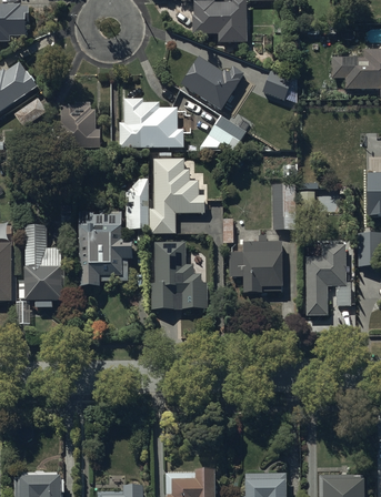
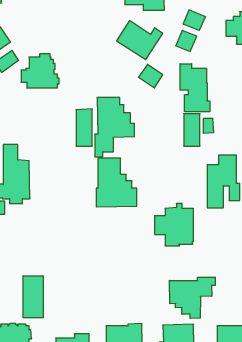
building: none -> [183,10,205,30]
building: [120,102,184,150] -> none
building: none -> [180,64,210,112]
building: [79,210,133,285] -> none
building: [228,231,281,288] -> [155,204,193,246]
building: none -> [23,276,43,318]
building: none -> [169,277,215,318]

